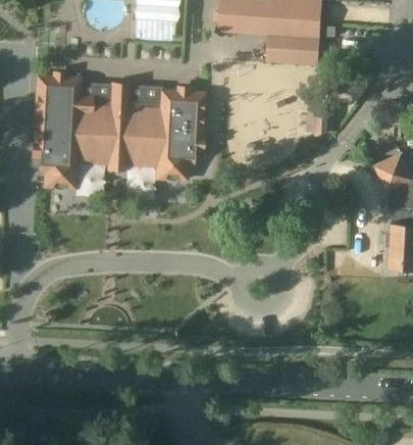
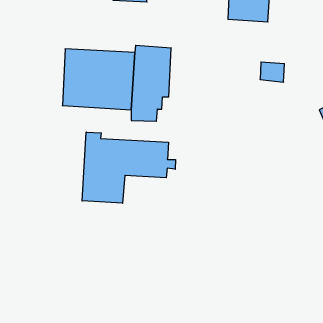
building: [34,75,81,186] -> none
building: none -> [82,132,175,203]

